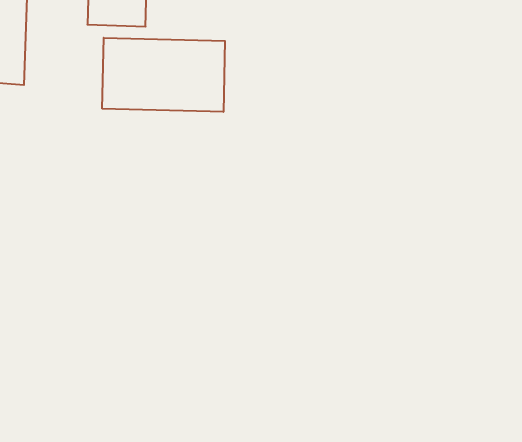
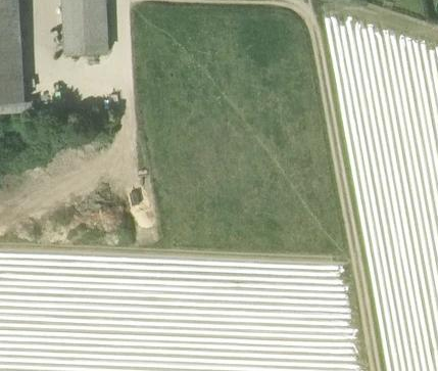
building: [102,38,225,112] -> none

